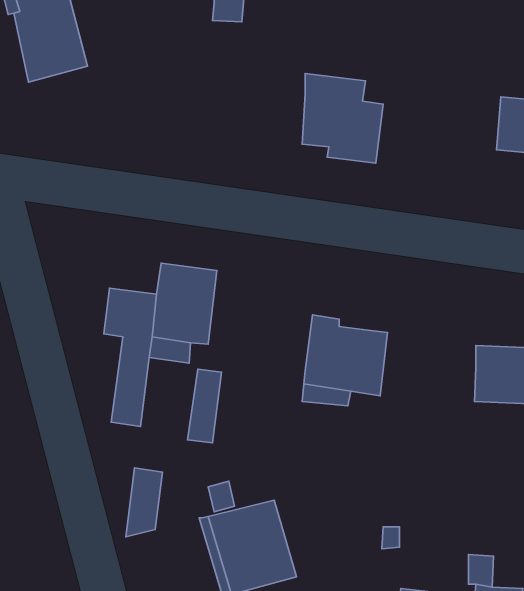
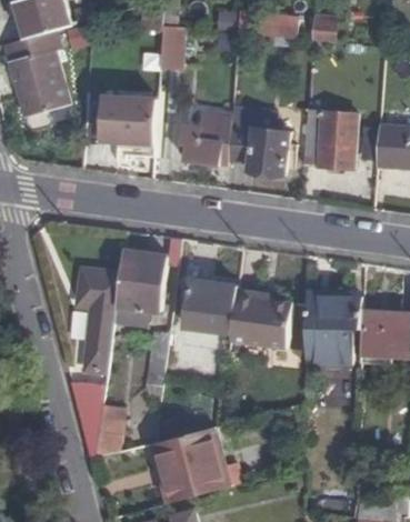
building: none -> [101,96,159,142]
building: none -> [181,111,231,165]
building: none -> [302,111,353,168]
building: none -> [187,283,237,332]
building: none -> [306,295,361,362]
building: none -> [70,384,104,460]

